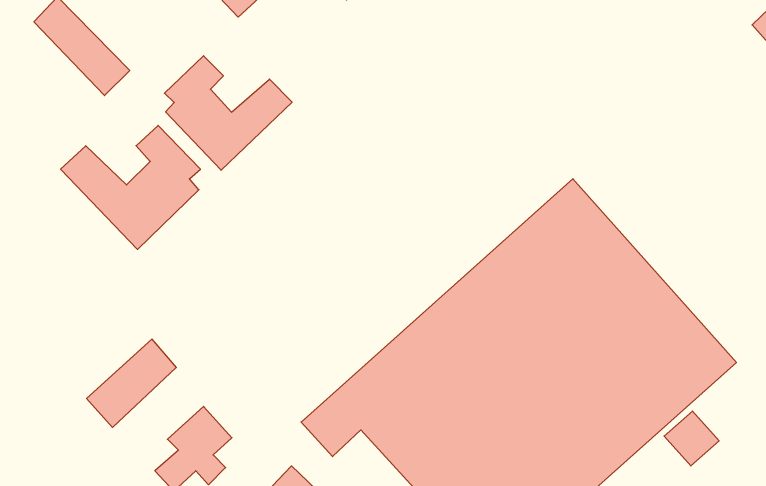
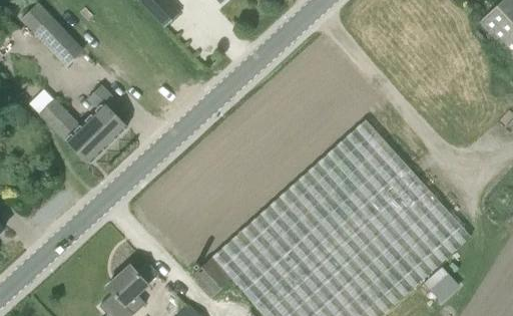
building: [164,56,292,170] -> none
building: [87,339,176,427] -> none

